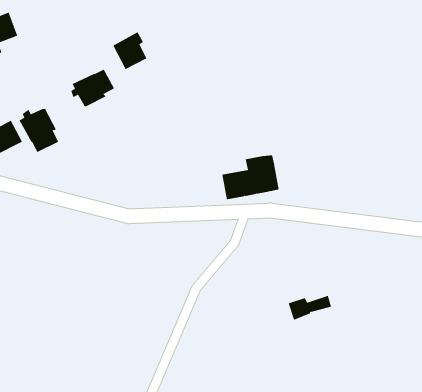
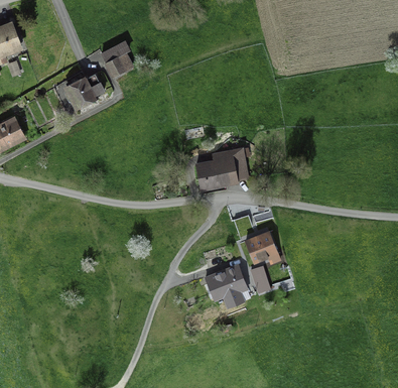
building: [19,108,59,153] -> none
building: none -> [246,231,279,262]
building: none -> [207,266,246,307]

